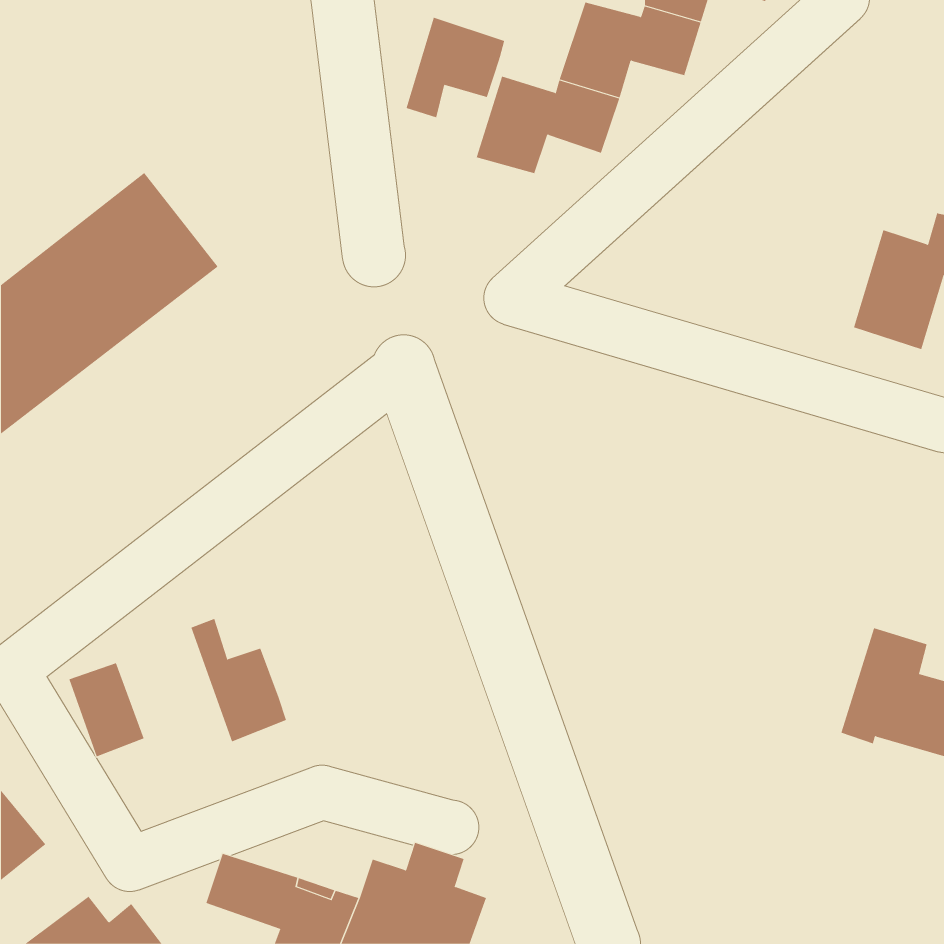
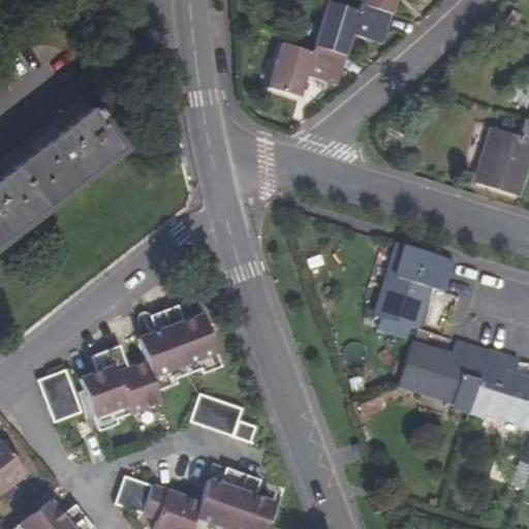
building: [406,17,505,118] -> none
building: none -> [377,243,454,337]
building: none -> [138,305,221,390]
building: none -> [399,340,489,409]
building: none -> [80,350,130,431]
building: none -> [190,394,255,442]

